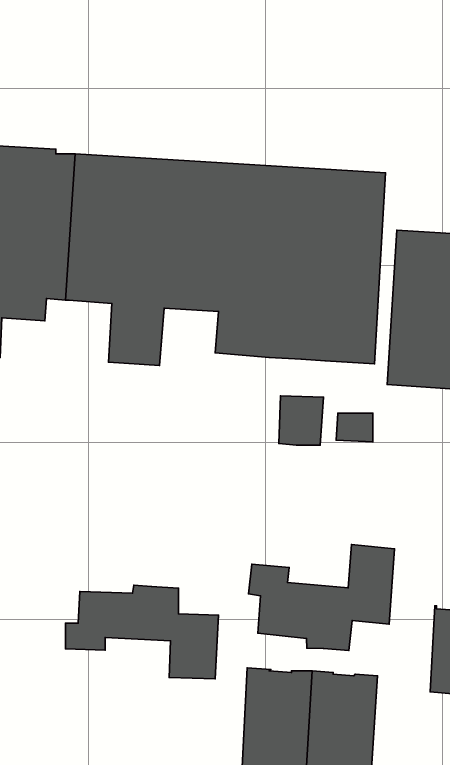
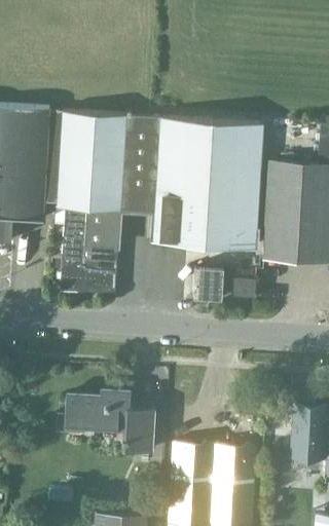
building: none -> [51,208,116,295]
building: [249,545,395,650] -> none

